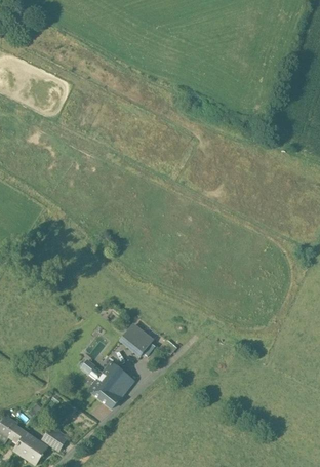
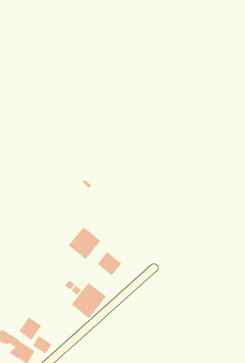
building: none -> [68,227,101,260]
building: none -> [19,316,42,341]

